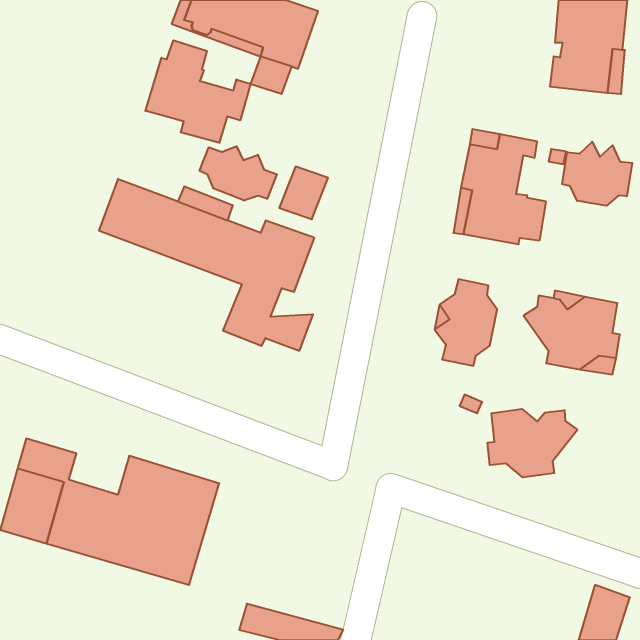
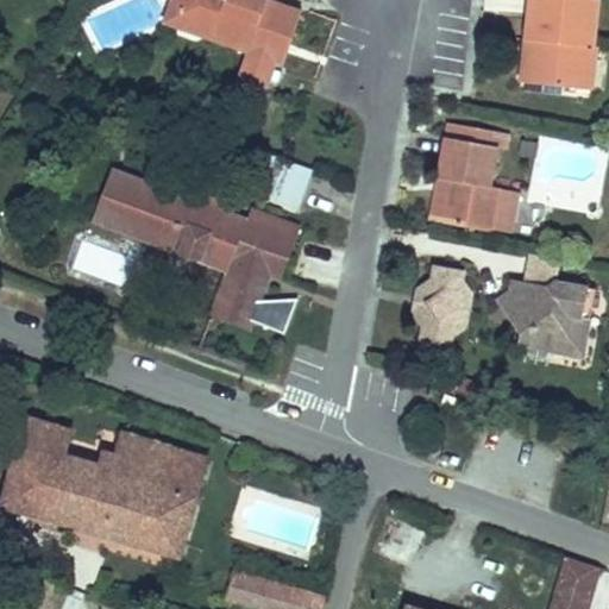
building: [145,40,250,143] -> none
building: [562,142,632,206] -> none
building: [200,146,277,201] -> none
building: [488,409,577,477] -> none

